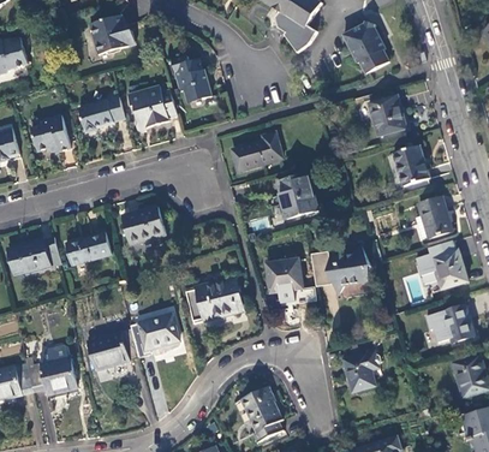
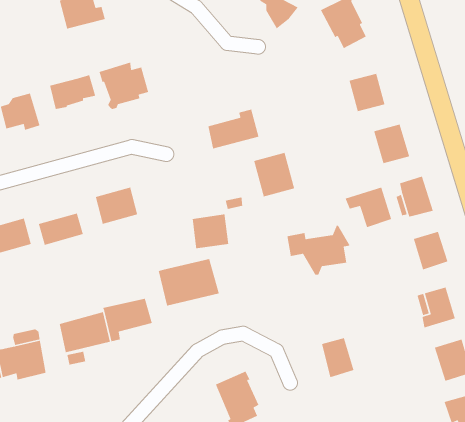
building: [169,56,210,100] -> none
building: none -> [344,187,392,228]
building: [266,258,302,293] -> [192,213,229,249]

